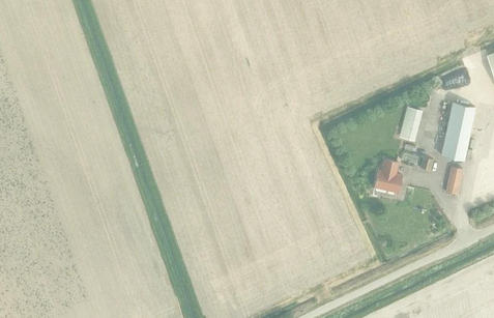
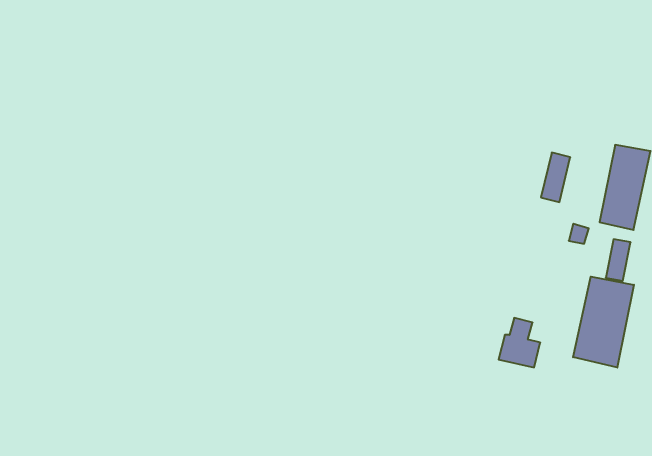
building: [374,160,402,193] -> [499,318,540,367]
building: none -> [573,277,634,368]

